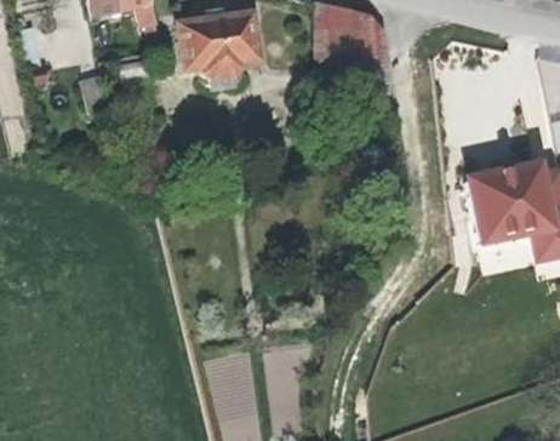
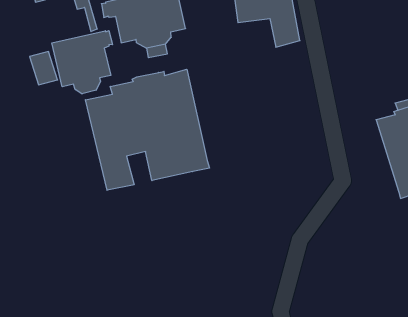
building: none -> [52,31,112,94]
building: none -> [85,69,209,190]

